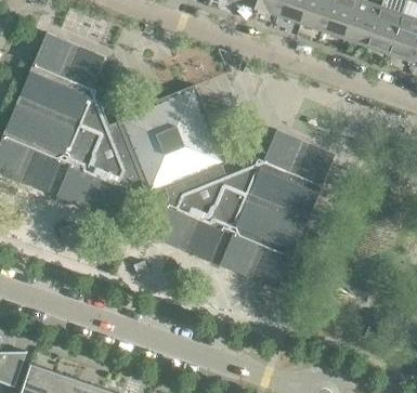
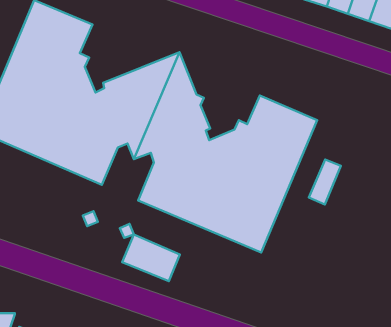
building: none -> [309,159,341,204]
building: none -> [122,235,180,281]

